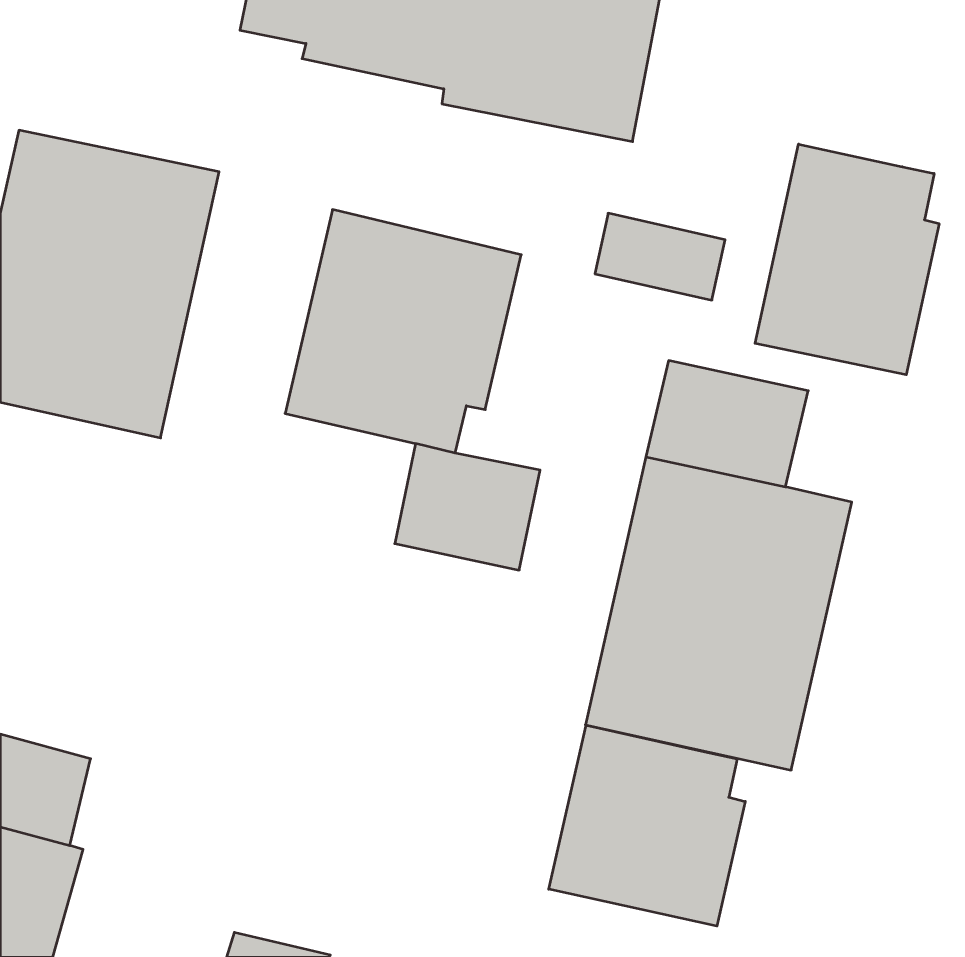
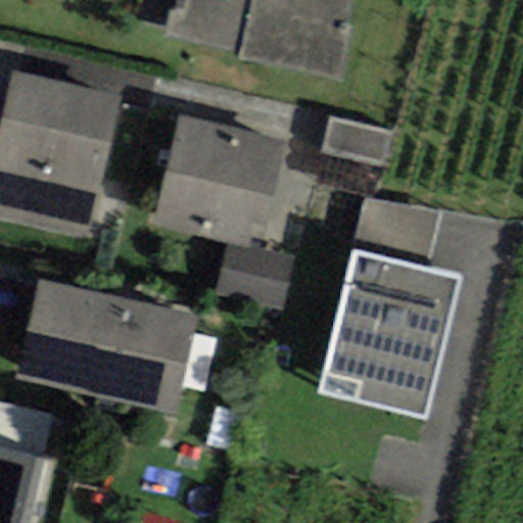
building: [755,144,939,375] -> none
building: none -> [15,276,196,412]
building: [549,725,745,926] -> none

